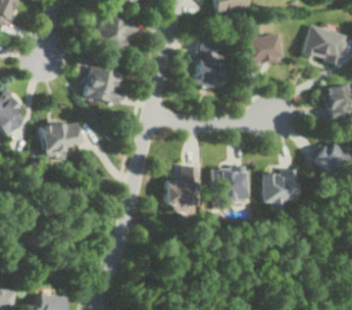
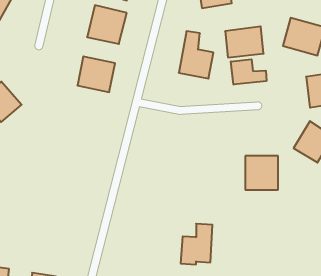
building: none -> [231,59,266,85]
building: [43,120,85,151] -> none
building: [166,164,200,207] -> [181,224,212,264]
building: [219,165,248,201] -> none

